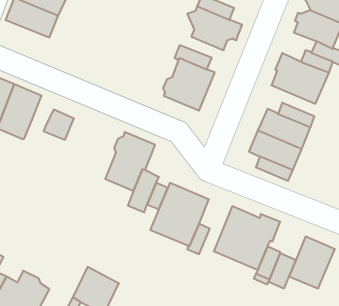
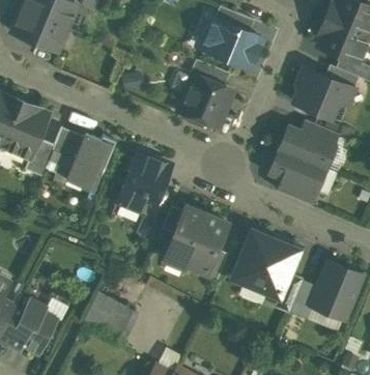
building: none -> [67,135,116,190]
building: none -> [26,139,55,176]

